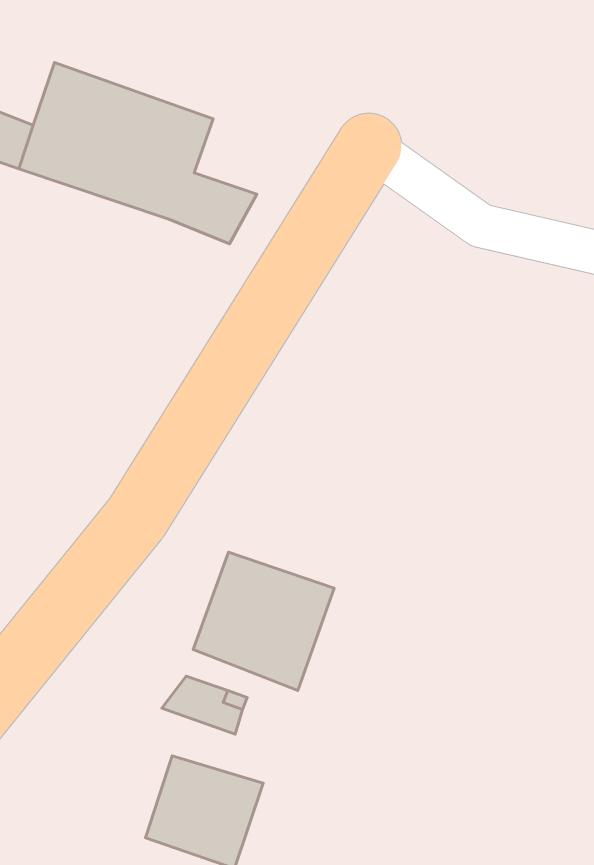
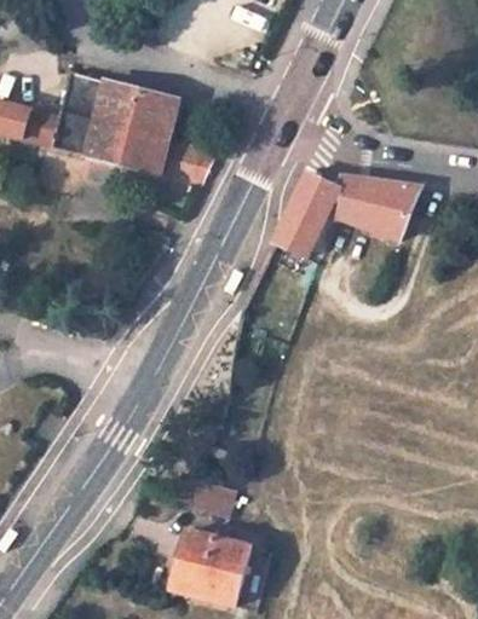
building: none -> [272,173,420,258]
building: [193,552,334,691] -> none

